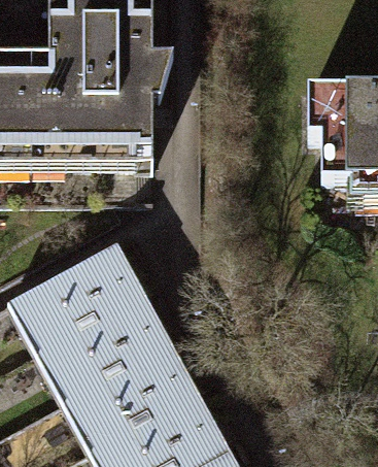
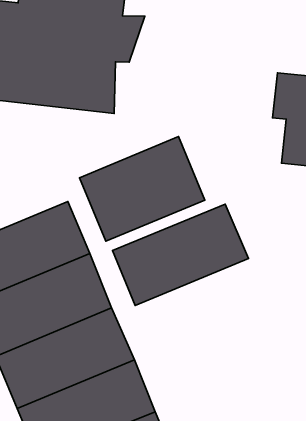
building: none -> [80,137,205,241]
building: none -> [113,204,248,305]

